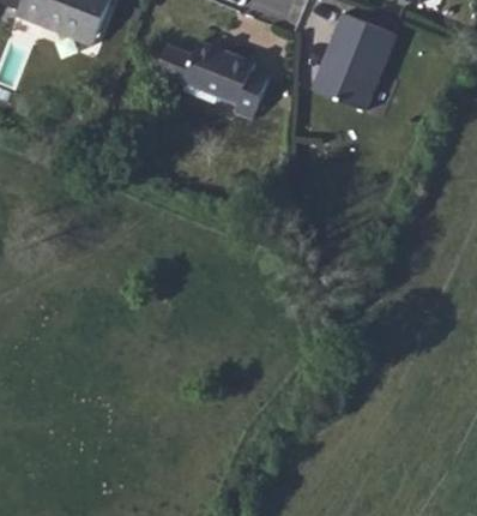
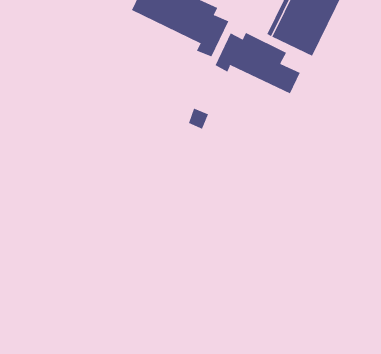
building: none -> [215,32,301,94]

